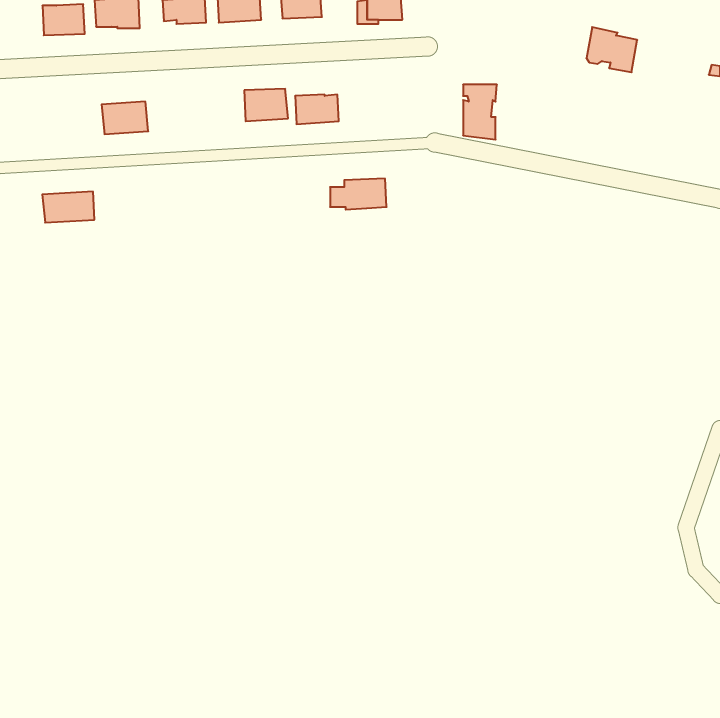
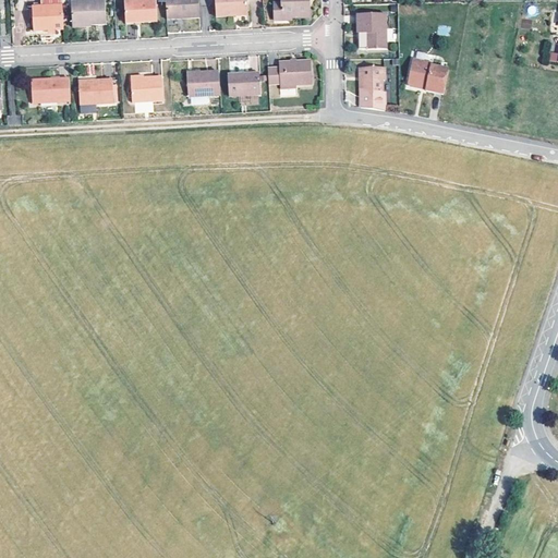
building: none -> [356,13,384,48]
building: [586,27,637,72] -> [407,58,446,93]
building: none -> [132,76,163,102]
building: [330,179,387,210] -> [269,60,313,84]
building: [42,192,94,223] -> [31,77,71,101]

